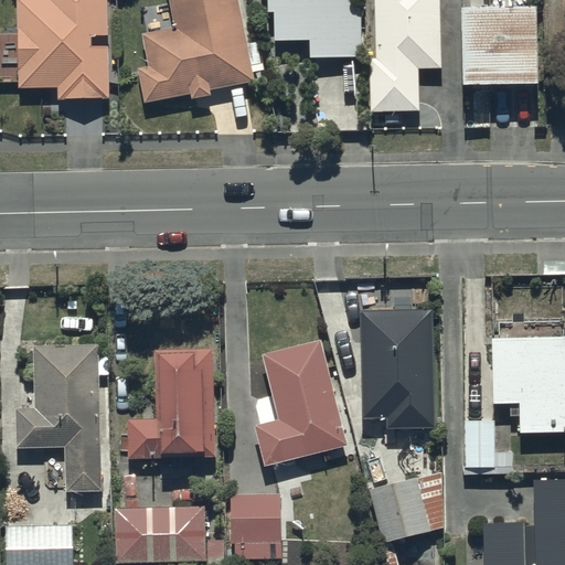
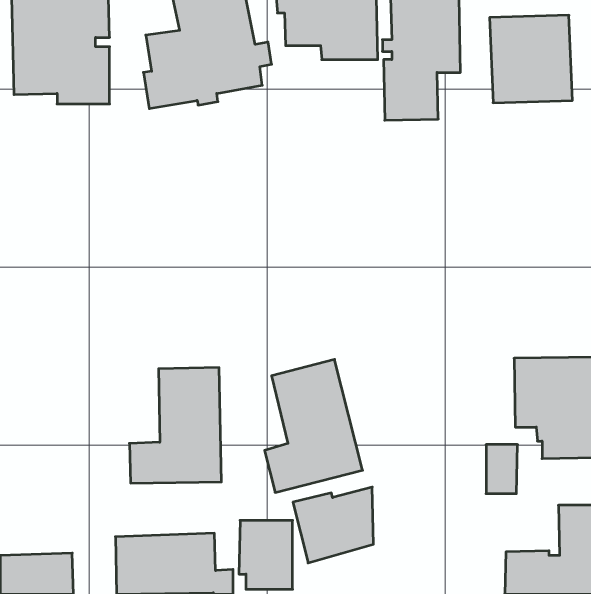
building: [361,310,436,429] -> none
building: [14,344,110,490] -> none
building: [369,471,445,543] -> [293,487,373,563]

